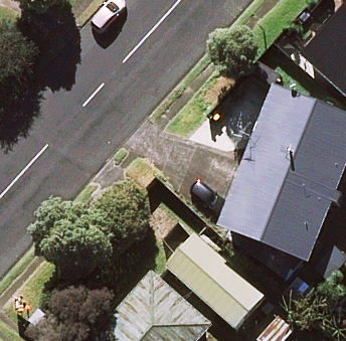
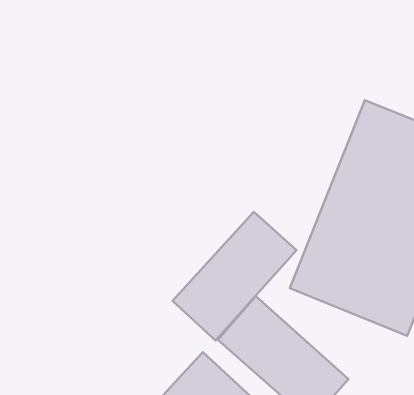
building: none -> [172,212,296,340]

